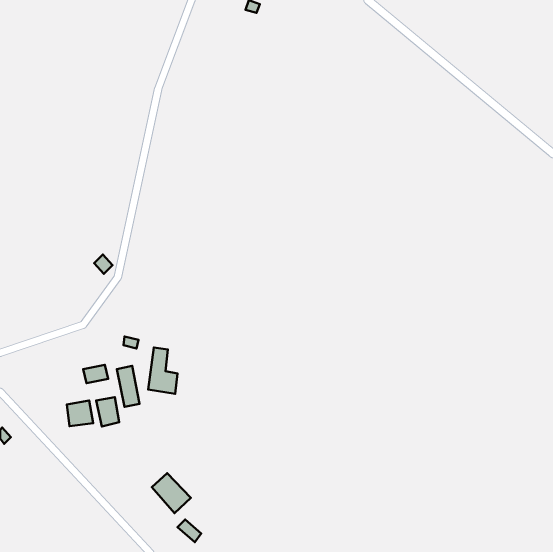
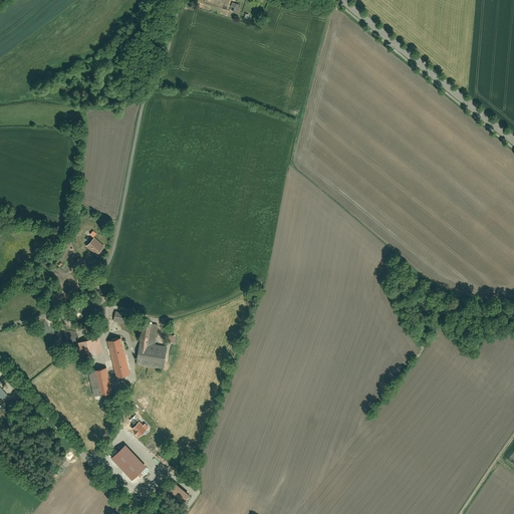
building: [67,401,93,426] -> none
building: [152,473,191,513] -> [108,445,145,482]

